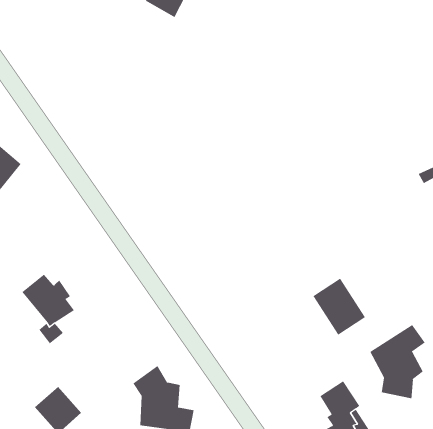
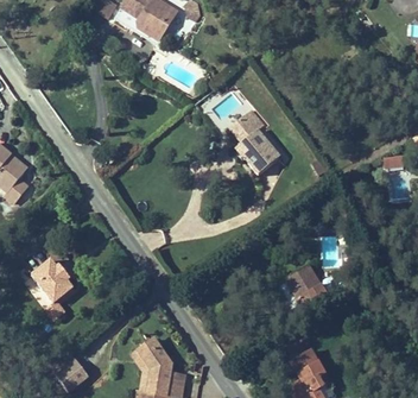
building: none -> [233,115,284,178]
building: [370,324,426,399] -> none

